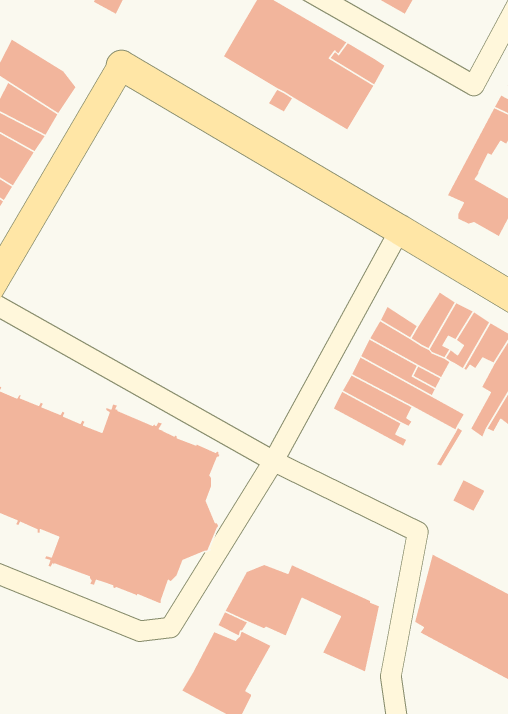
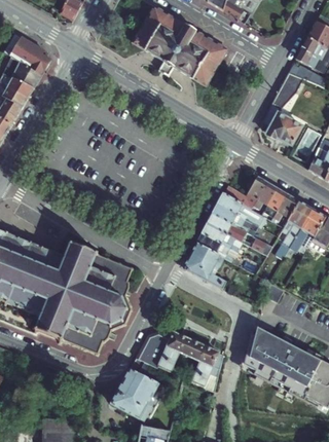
building: none -> [184,243,231,291]

